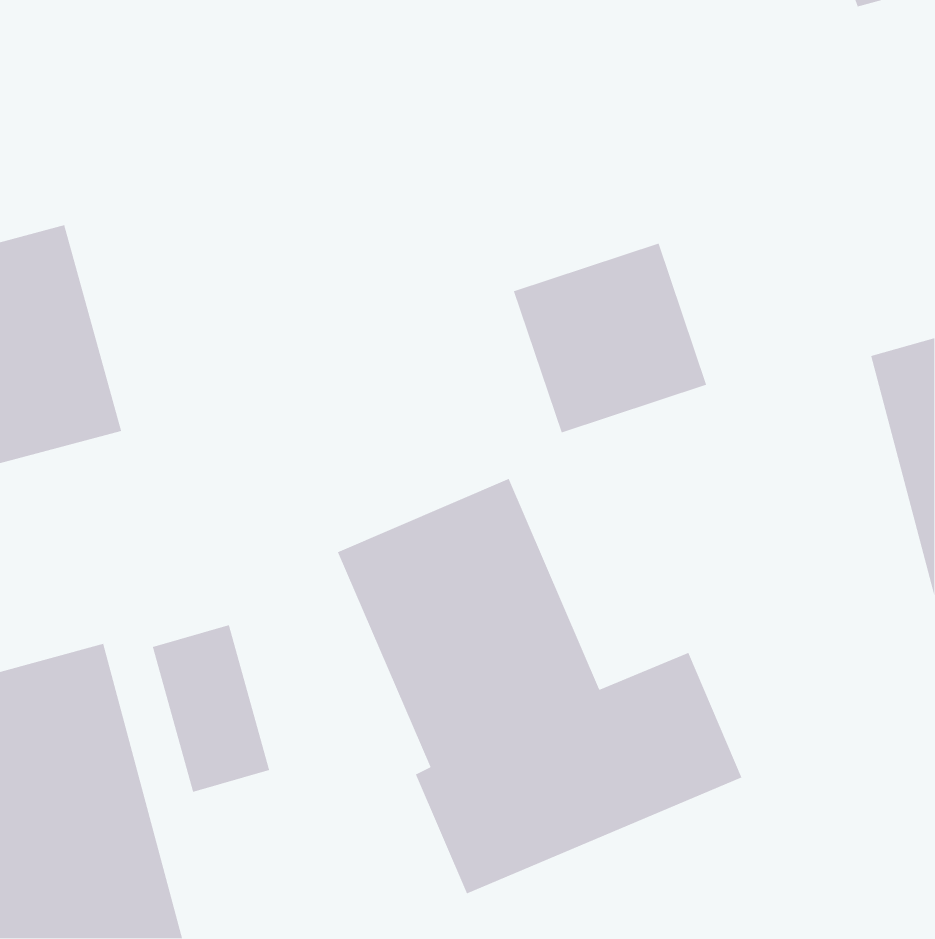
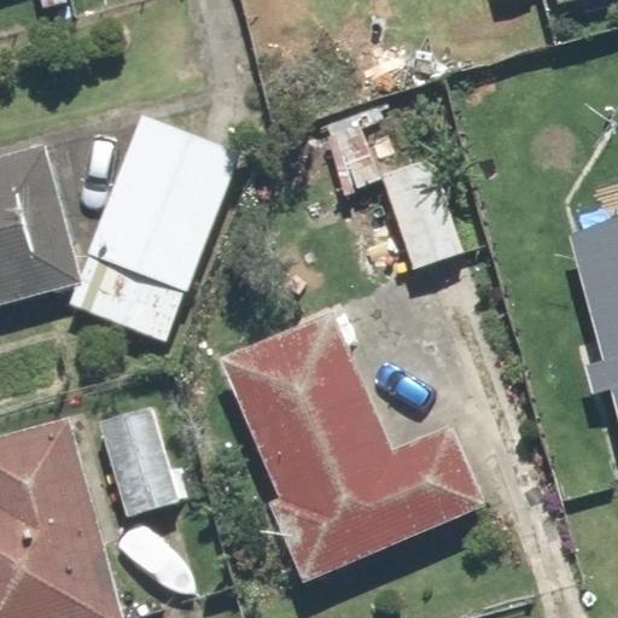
building: none -> [71,117,238,342]

